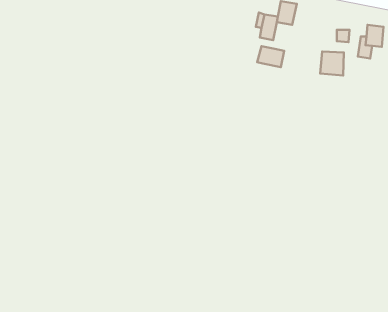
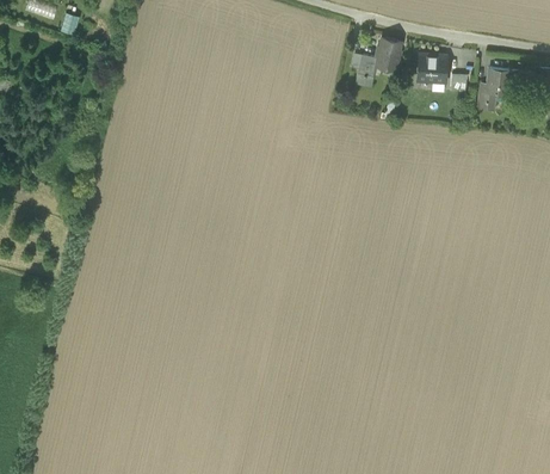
building: [257,46,284,67] -> none
building: [320,51,344,75] -> [418,54,447,84]

